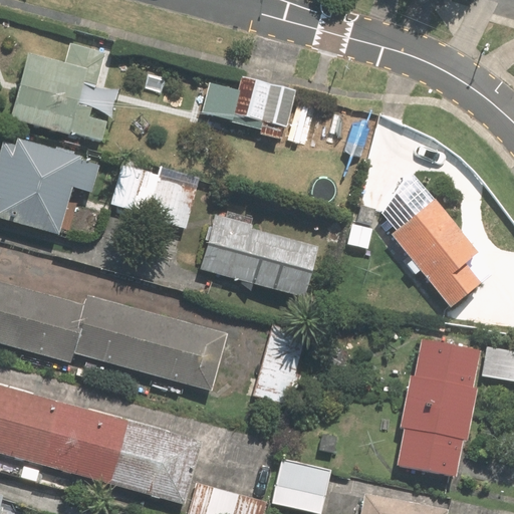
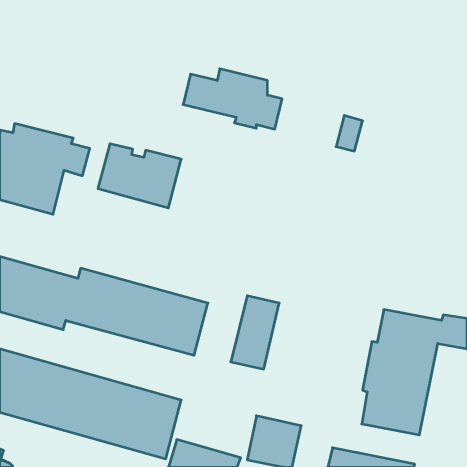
building: [10,43,116,144] -> none
building: [390,198,482,307] -> none
building: [200,213,320,298] -> none

